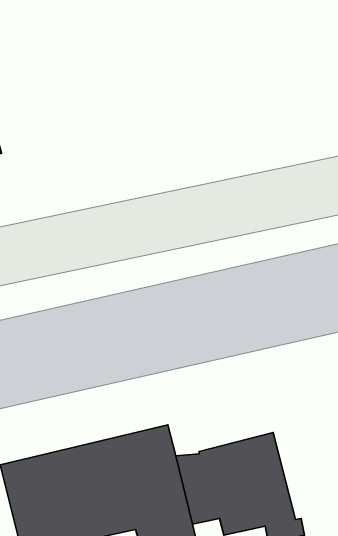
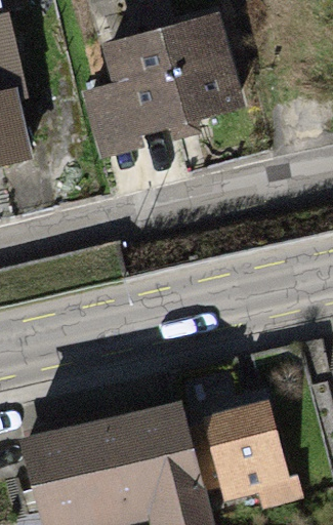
building: none -> [105,27,232,135]

